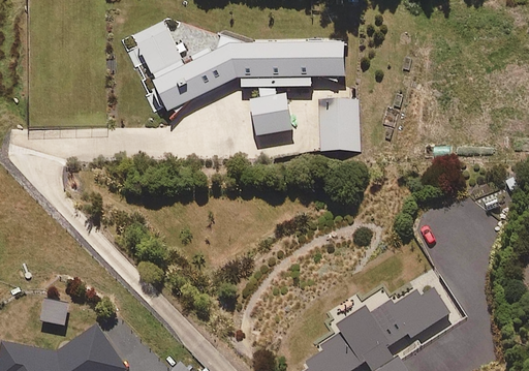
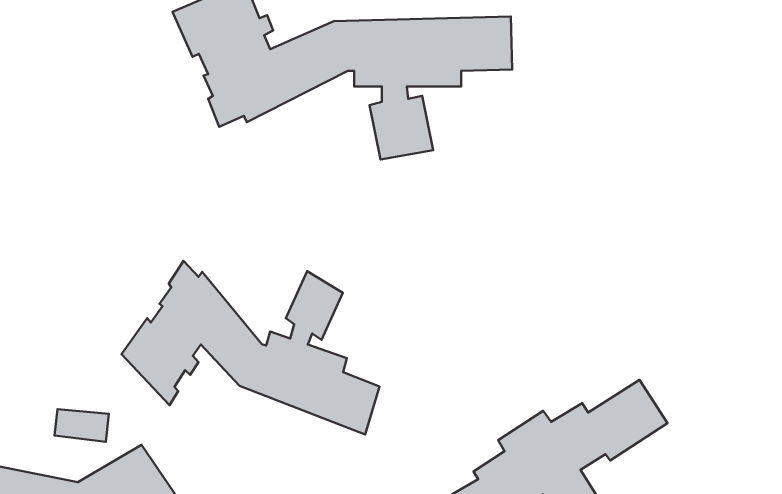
building: [320,101,356,151] -> none
building: none -> [121,261,379,434]

